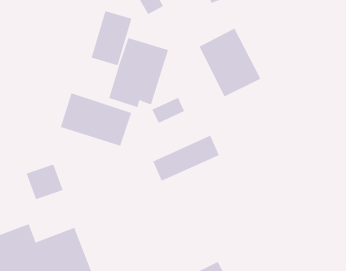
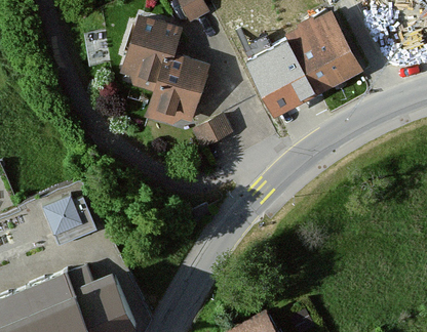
building: none -> [289,13,366,96]
building: [60,93,132,146] -> none
building: [153,135,220,182] -> none

